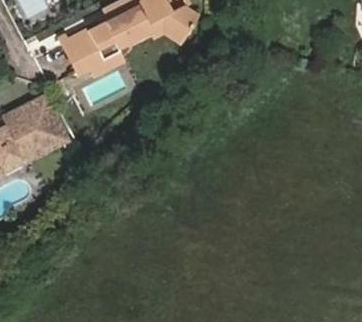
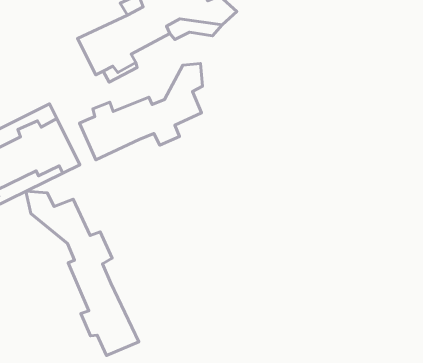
building: none -> [80,64,203,160]
building: none -> [26,191,139,356]

